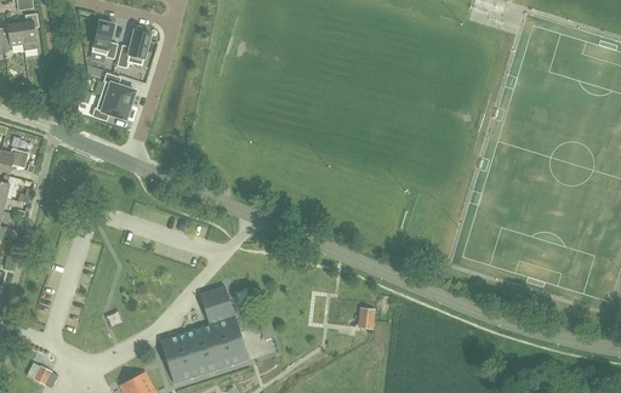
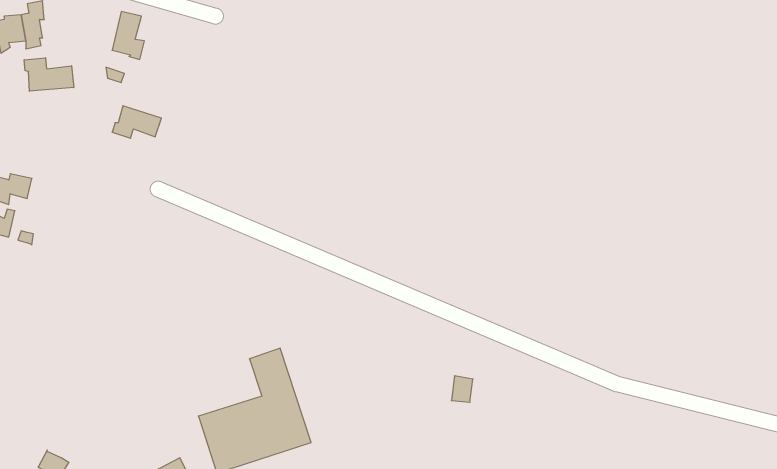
building: [116,29,149,67] -> none
building: none -> [24,58,74,91]
building: [99,73,135,104] -> none

